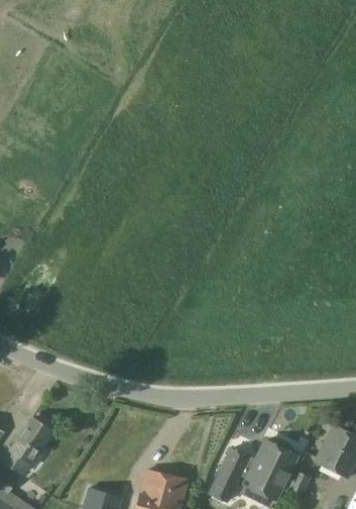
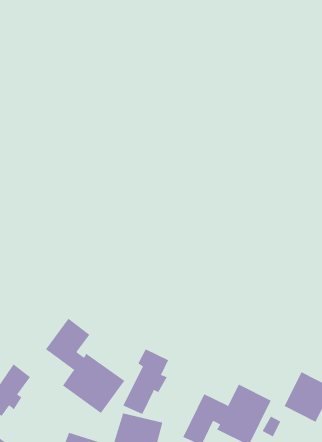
building: none -> [45,318,125,414]
building: none -> [122,348,169,415]

